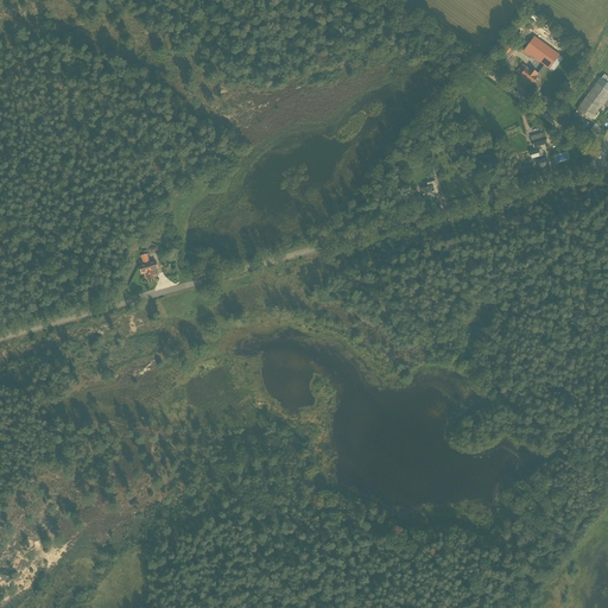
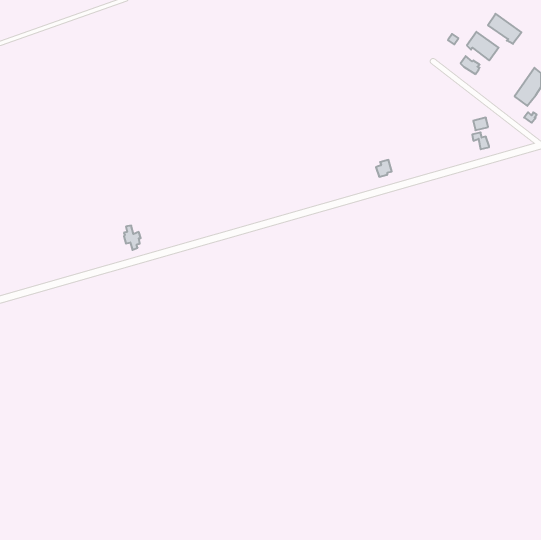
building: none -> [488,14,521,44]

